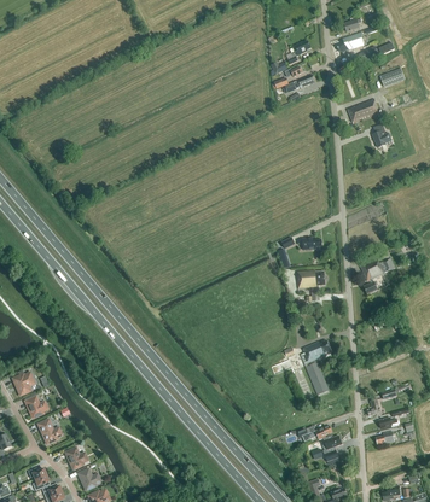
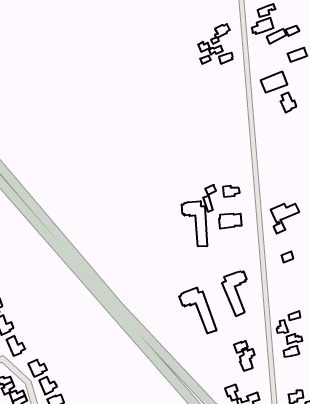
building: none -> [182,201,207,246]
building: none -> [179,288,216,333]

